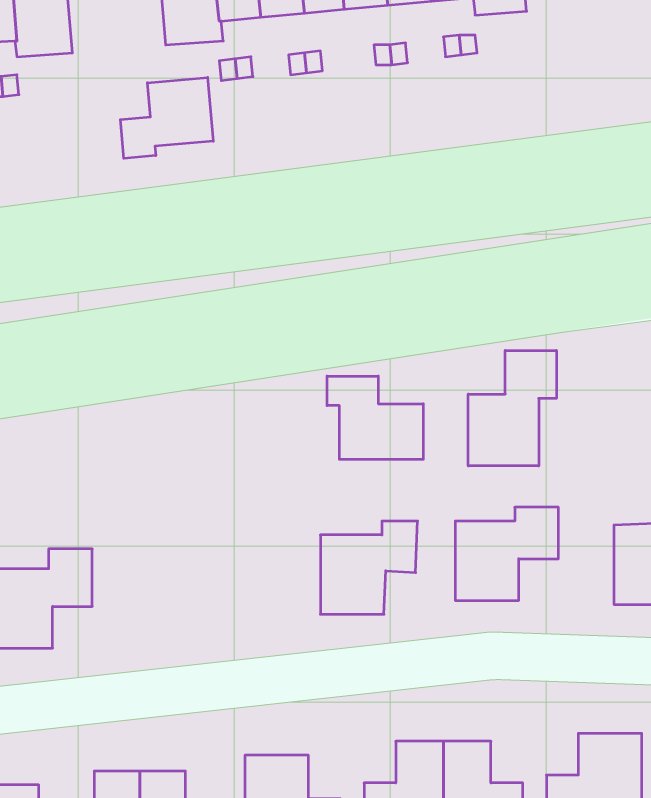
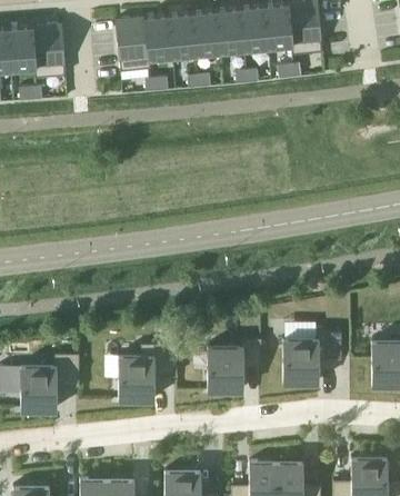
building: [120,77,213,158] -> none
building: [468,350,556,466] -> none
building: [327,376,423,459] -> none
building: none -> [118,346,177,401]

